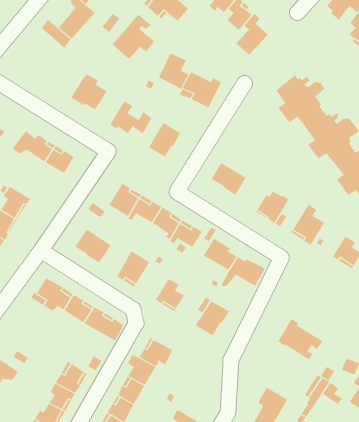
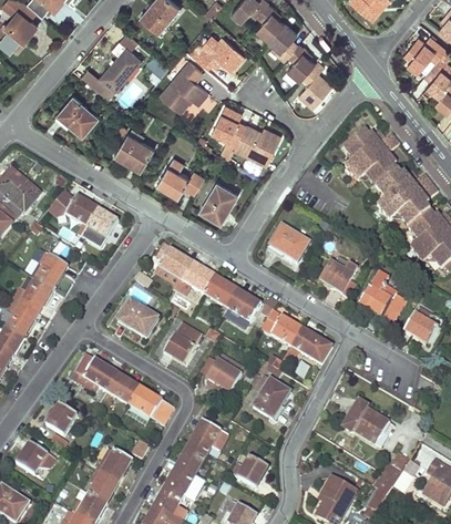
building: none -> [58,94,98,134]
building: none -> [44,405,76,436]
building: none -> [230,456,266,490]

